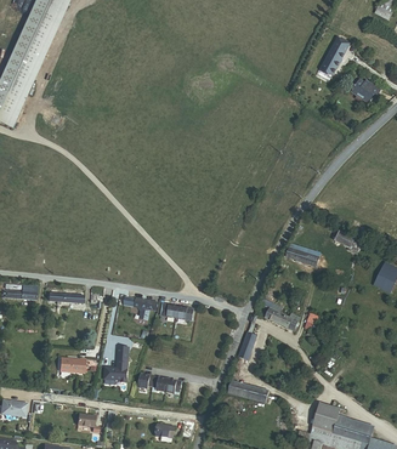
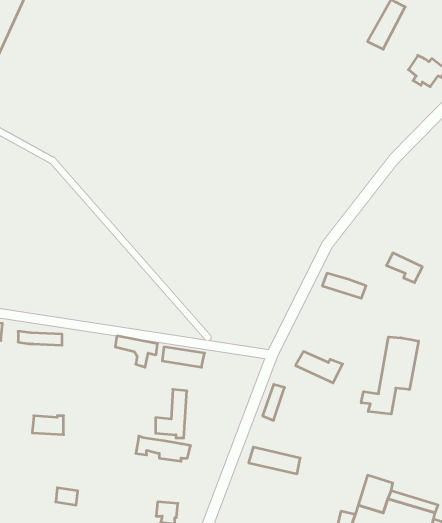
building: none -> [361,337,419,414]
building: [106,345,130,382] -> [156,389,187,438]

